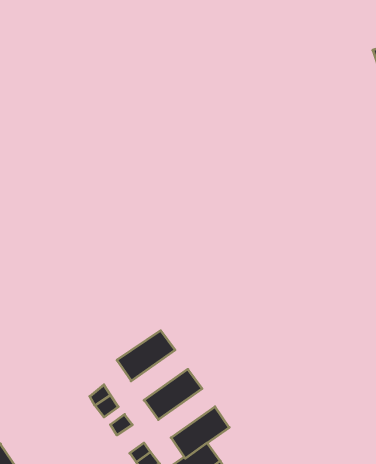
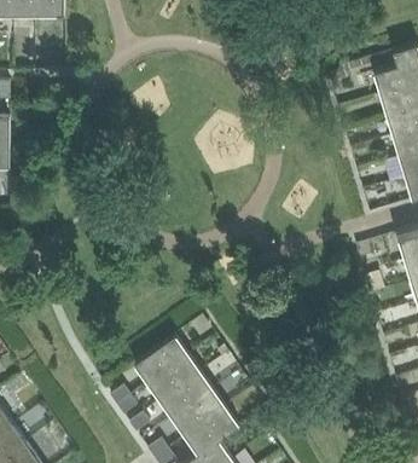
building: none -> [149,354,202,401]
building: none -> [174,390,227,436]

